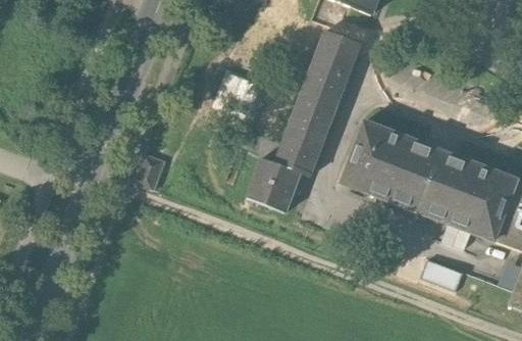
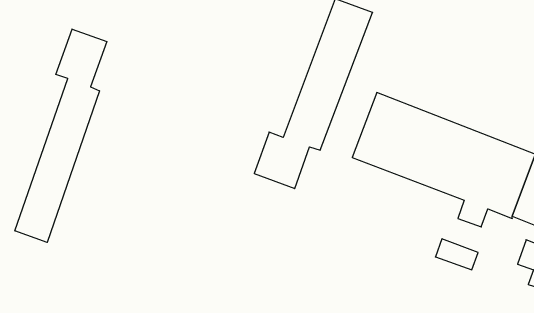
building: none -> [15,29,107,242]
building: [133,153,164,190] -> none

